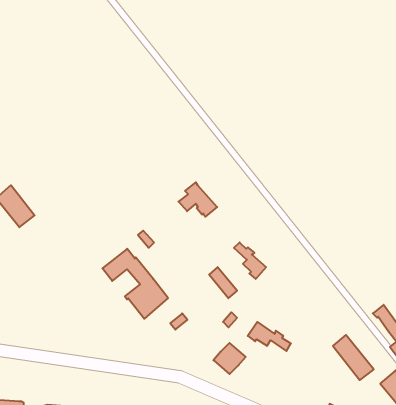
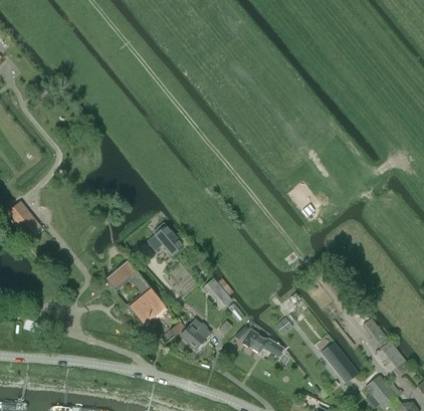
building: [178,182,217,217] -> [147,223,183,255]
building: [234,242,266,279] -> none
building: [213,343,246,374] -> [180,320,210,349]

